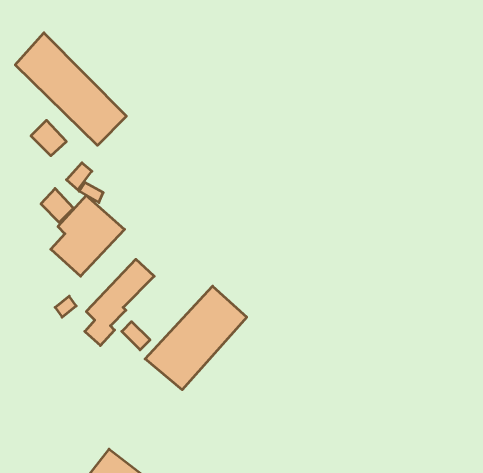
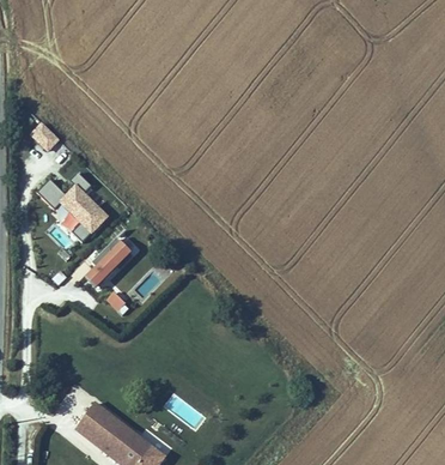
building: [15,33,126,145] -> none
building: [145,286,247,390] -> none

